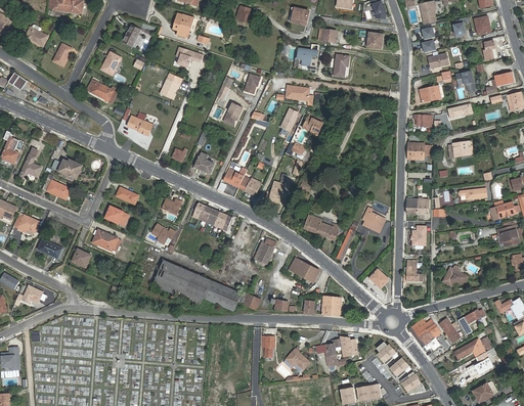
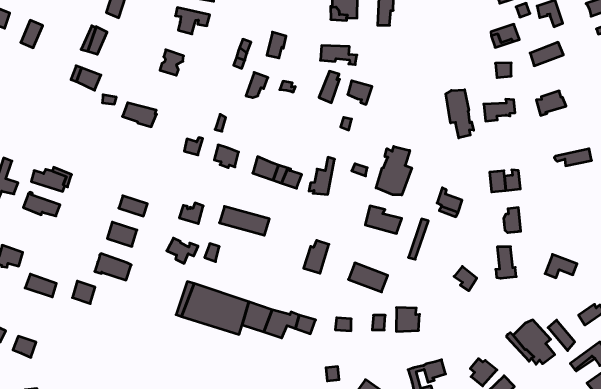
building: none -> [446,90,474,138]
building: none -> [376,146,412,195]

